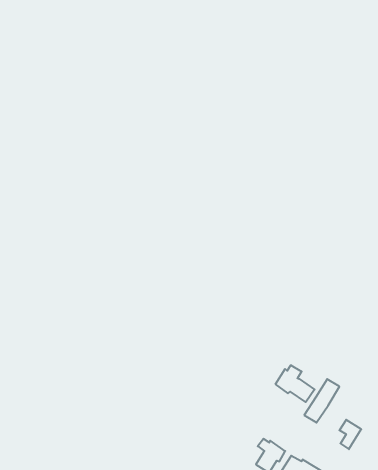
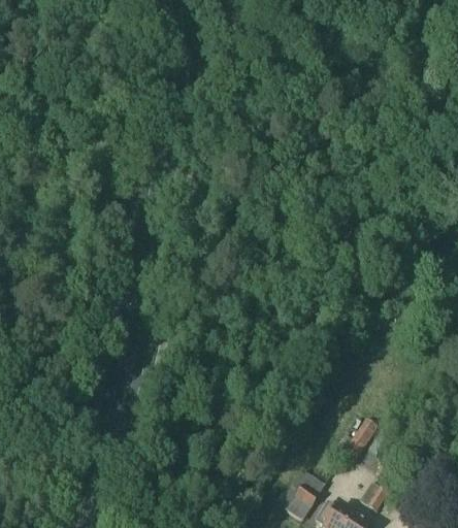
building: [276,365,315,402] -> none

